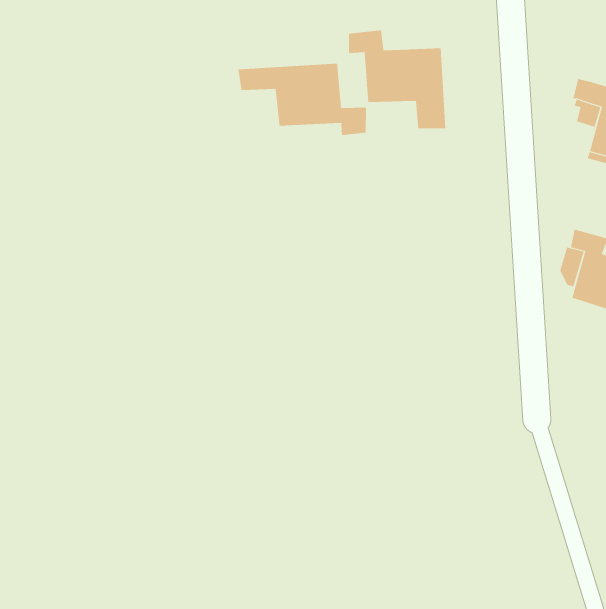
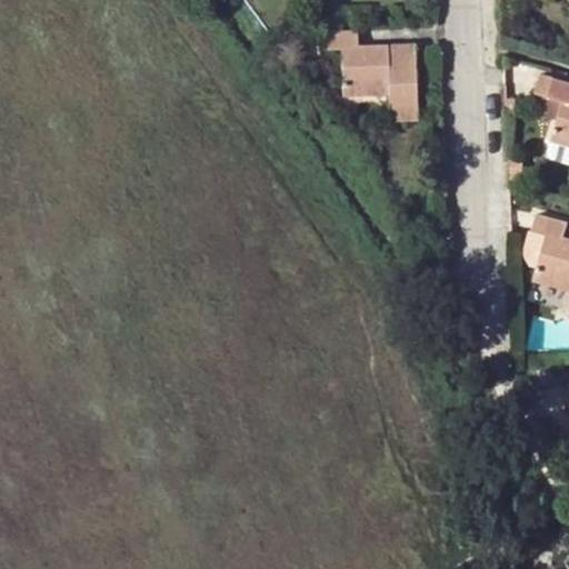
building: [238,63,367,136] -> none

